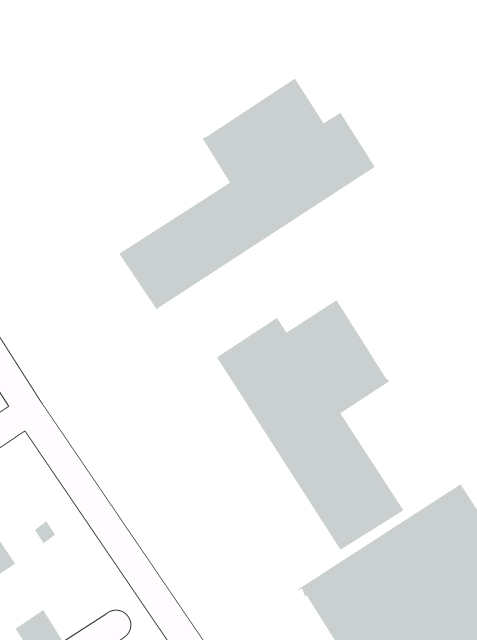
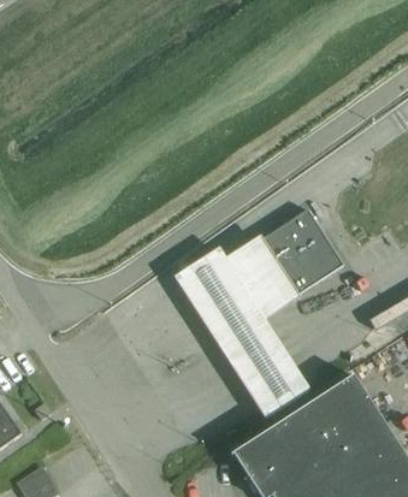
building: [118,78,376,310] -> none
building: none -> [261,206,347,295]

